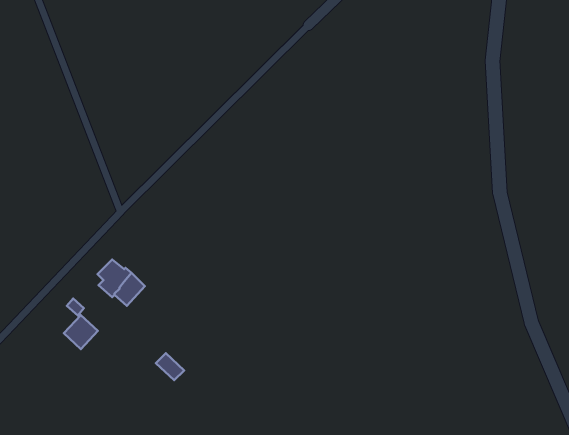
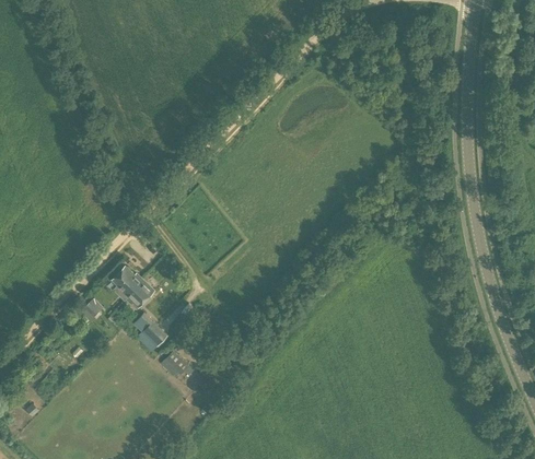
building: [64,315,98,349] -> [135,320,165,351]

